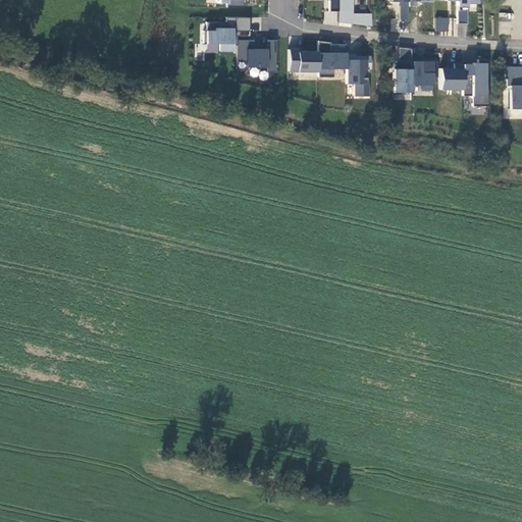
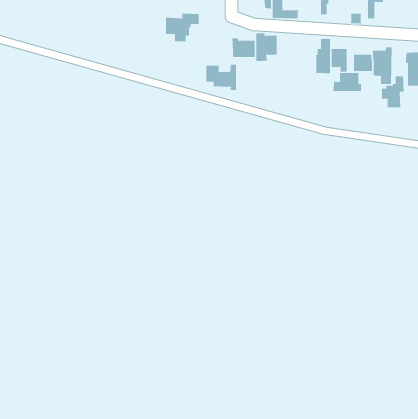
building: [238,39,276,71] -> [206,64,237,91]
building: [347,55,373,95] -> none
building: none -> [333,72,361,92]
building: none -> [381,75,404,108]

